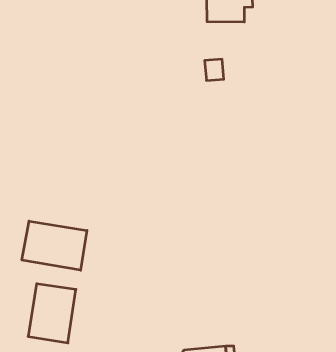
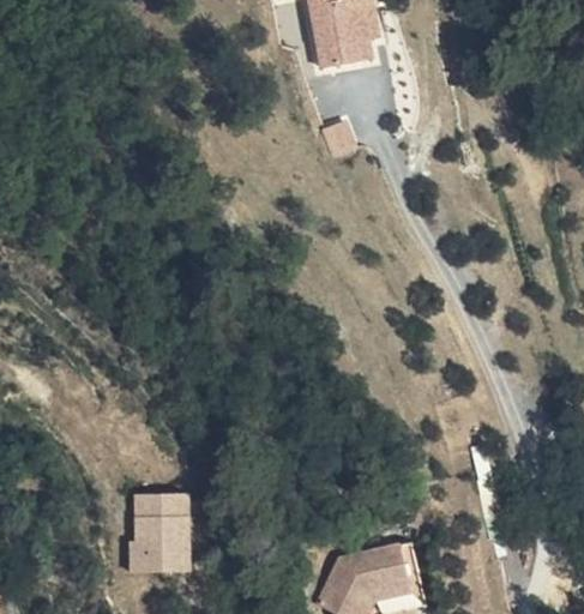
building: [22,221,87,270] -> none

